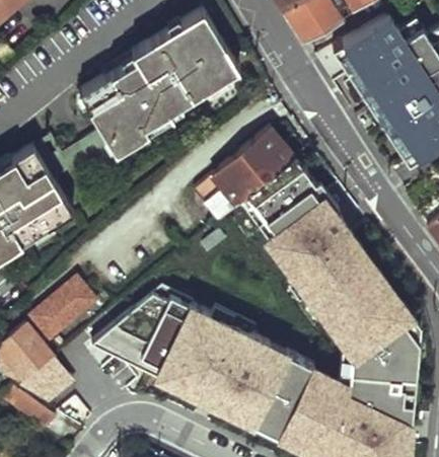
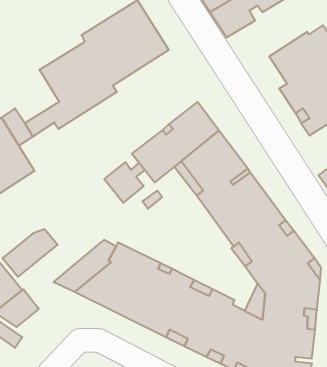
building: [334,17,425,111] -> none
building: none -> [104,162,145,203]

